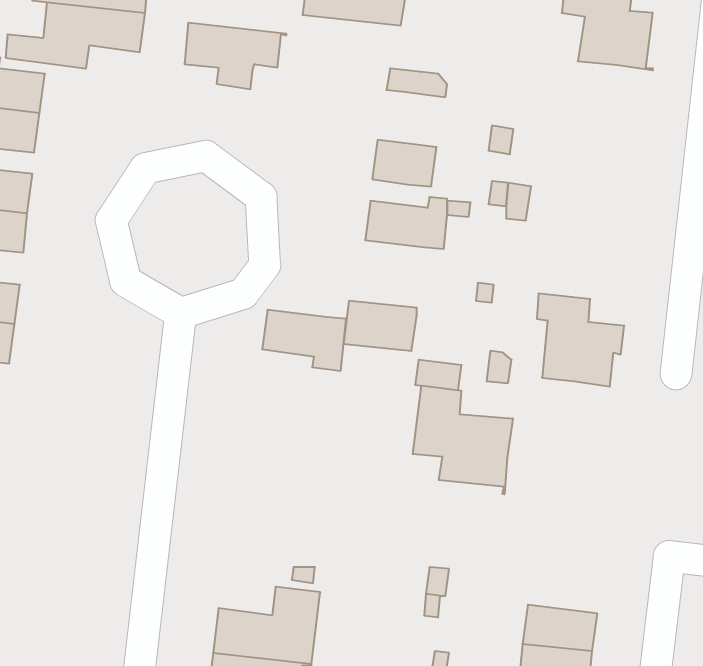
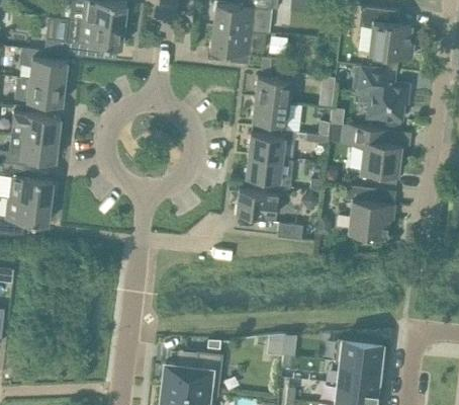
building: [184,23,286,89] -> [211,29,269,67]
building: none -> [353,69,408,124]
building: none -> [256,78,292,104]
building: none -> [349,128,401,181]
building: [262,310,346,371] -> [246,157,293,191]
building: [413,386,513,494] -> none
building: none -> [336,340,382,369]

